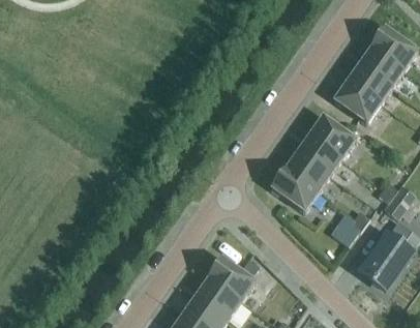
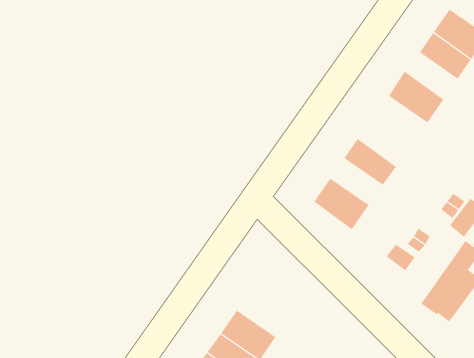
building: [348,63,392,102] -> none
building: [308,115,356,158] -> none
building: [286,151,330,190] -> none
building: [208,258,256,300] -> none

